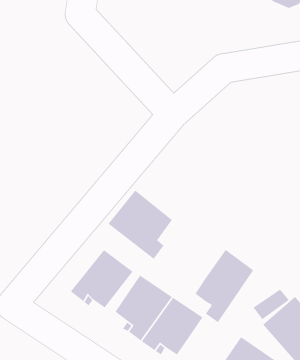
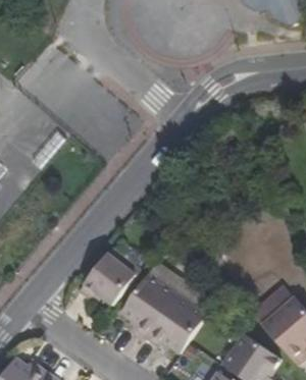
building: [107,190,173,260] -> none
building: [194,249,254,323] -> none

